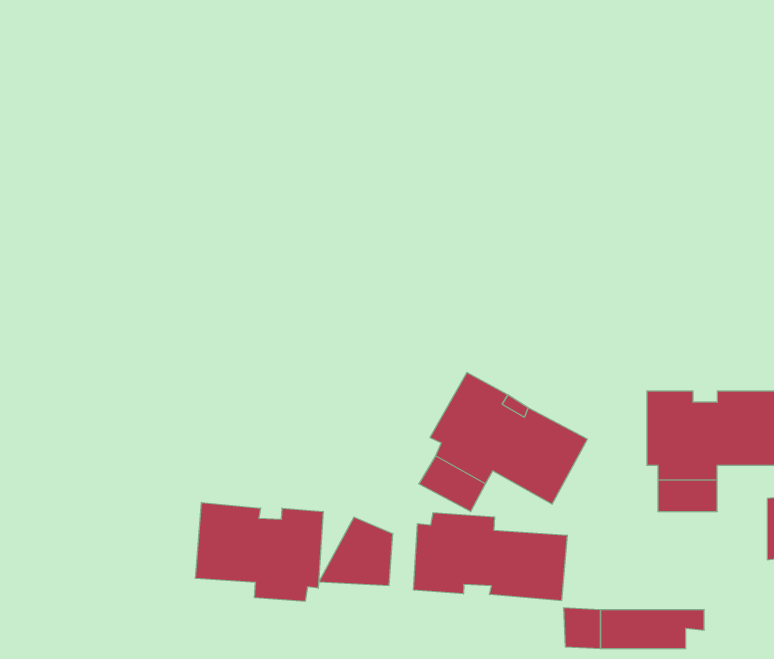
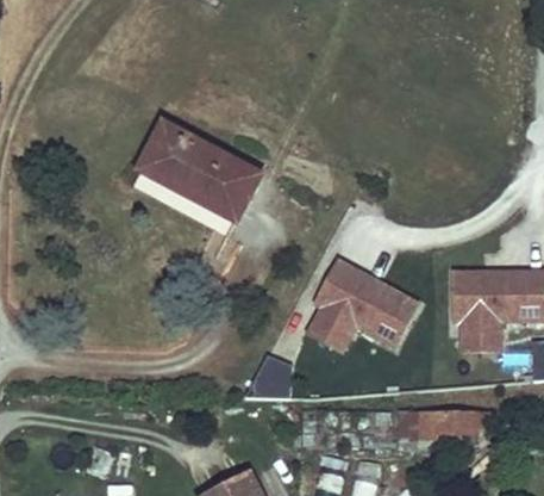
building: none -> [132,125,256,232]
building: [195,502,323,601] -> none
building: [414,513,567,601] -> none

